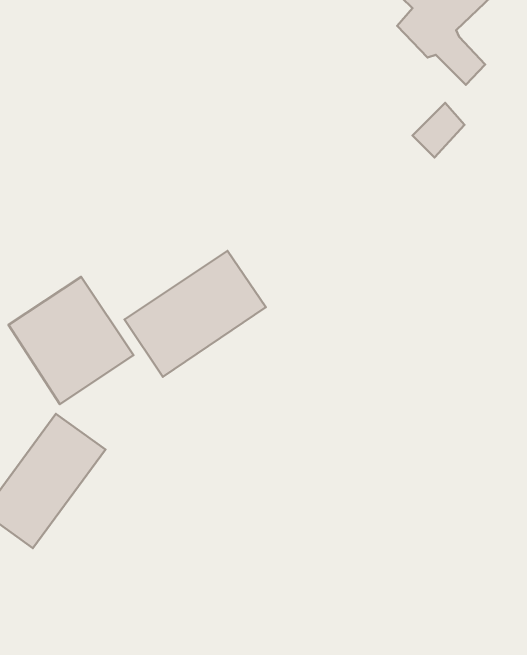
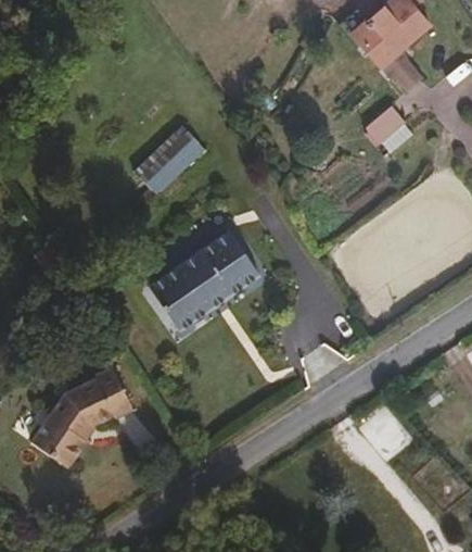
building: none -> [141,120,211,188]
building: [9,277,133,404] -> none

